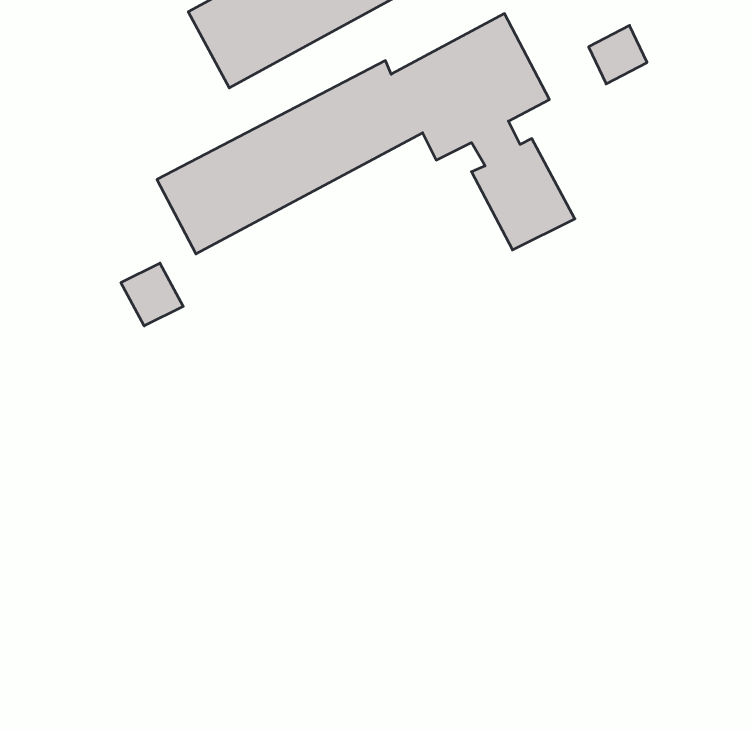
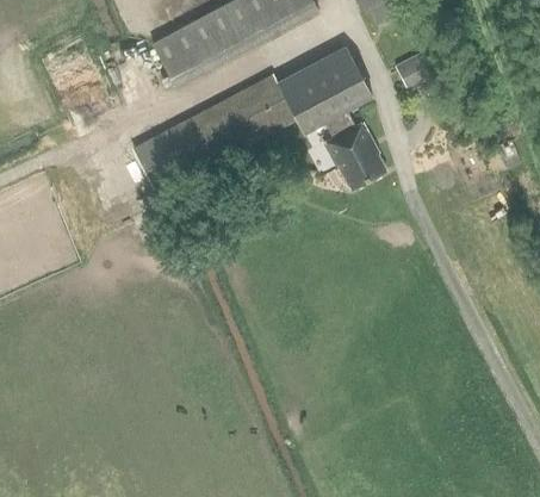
building: [121,263,183,326] -> none

